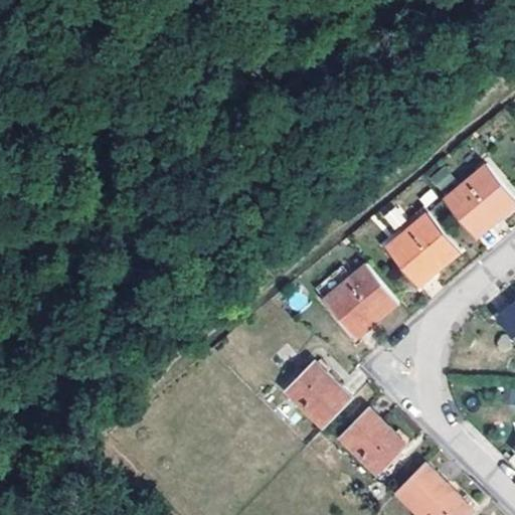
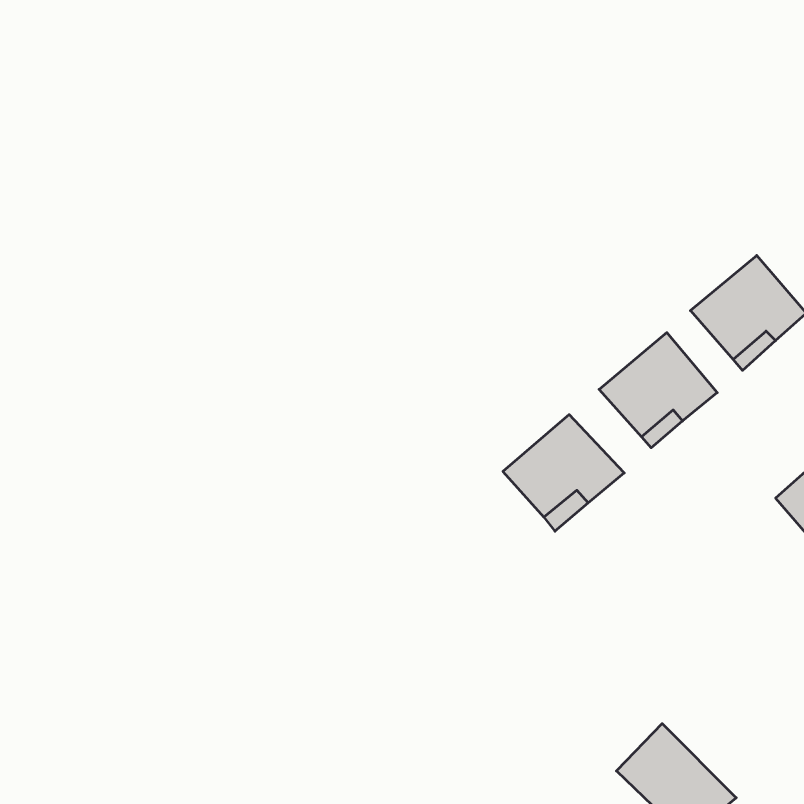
building: [284,360,352,426] -> none
building: [336,409,404,475] -> none

